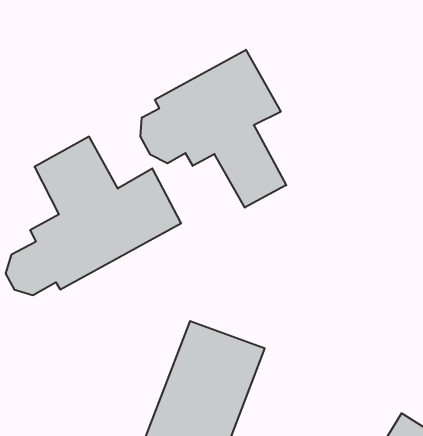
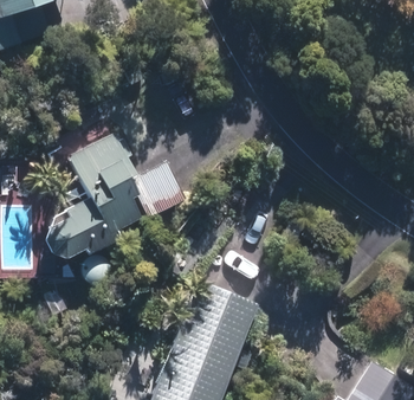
building: [141,50,286,208] -> none

